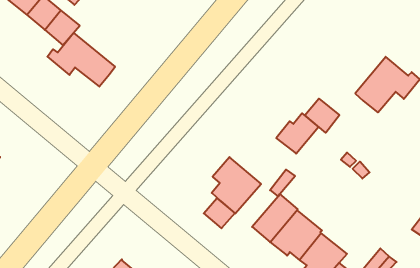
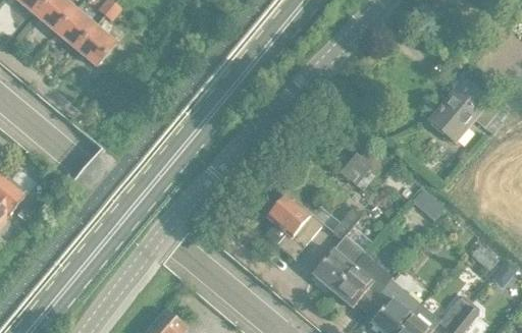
building: [47,33,115,87] -> none
building: [305,99,339,133] -> none
building: [204,198,235,228] -> none

